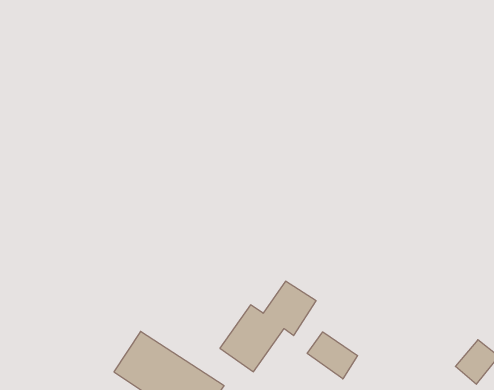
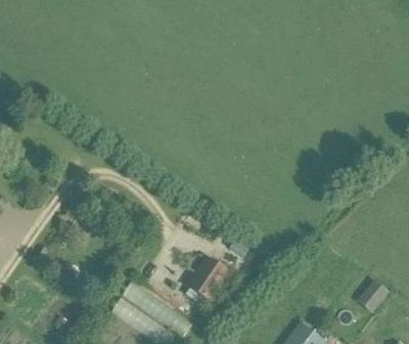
building: [307,332,358,379] -> none

